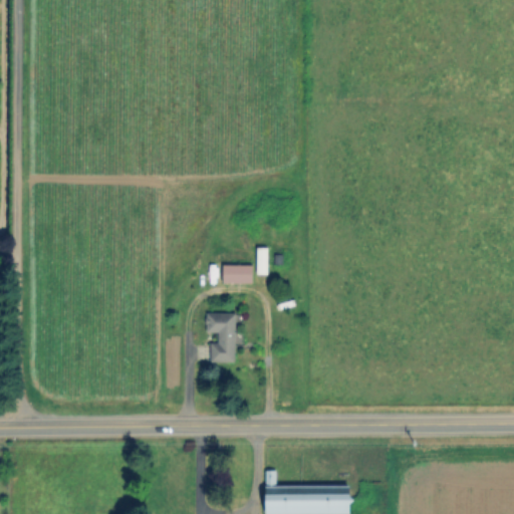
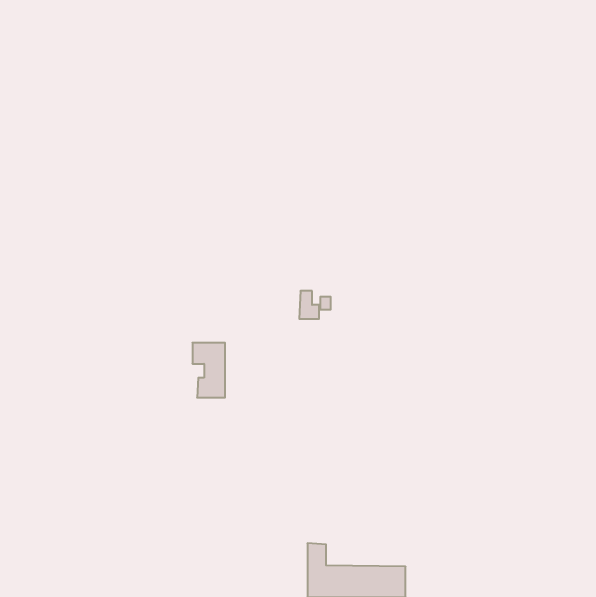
building: [224,266,252,284] -> none
building: [207,315,235,362] -> [192,343,225,398]

